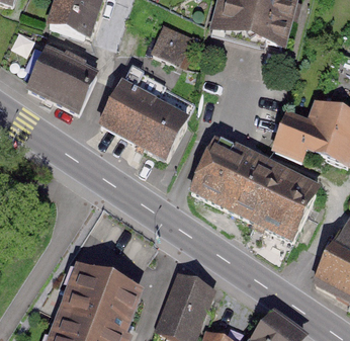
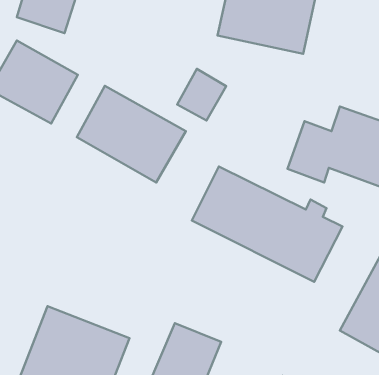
building: [149,27,189,70] -> [177,69,226,120]

